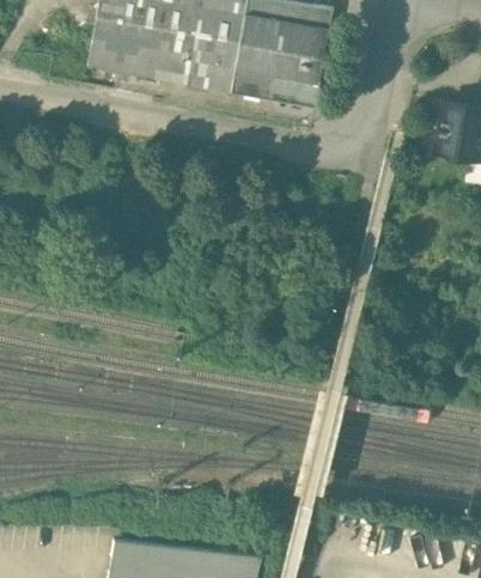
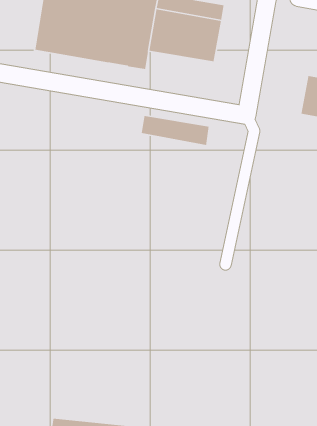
building: [232,68,321,108] -> [141,115,210,146]

